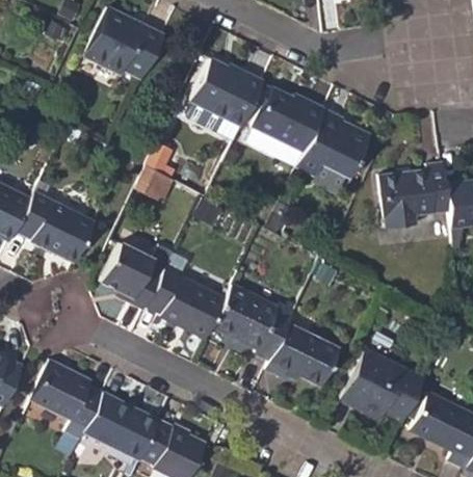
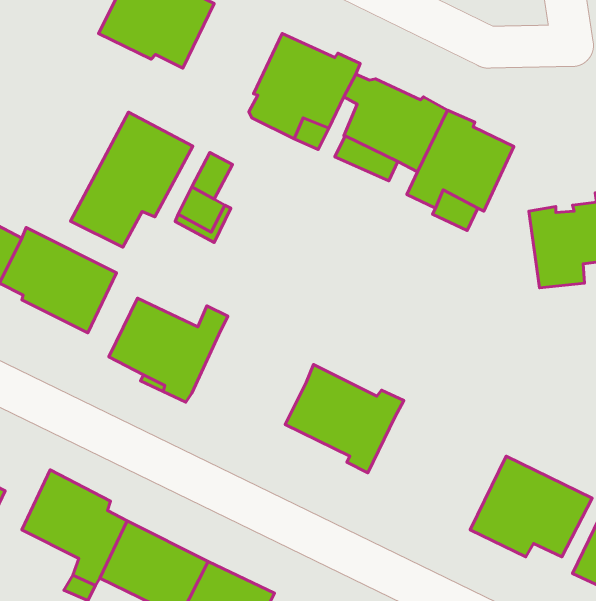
building: none -> [70,112,193,247]
building: [148,264,227,338] -> none
building: [265,321,339,385] -> none

